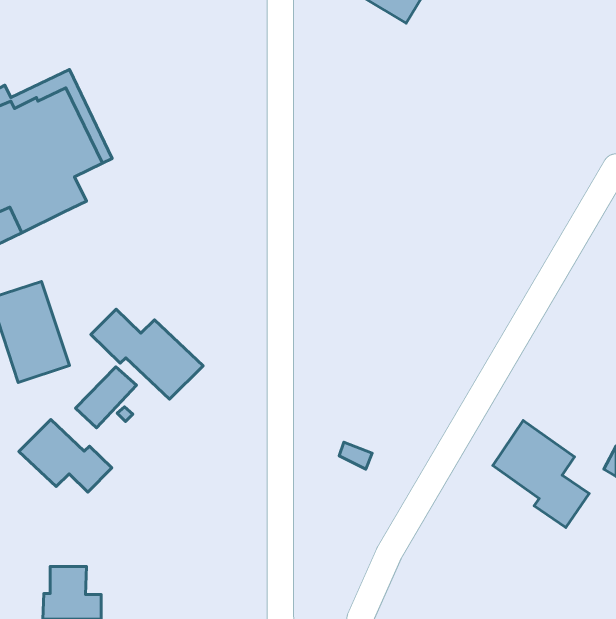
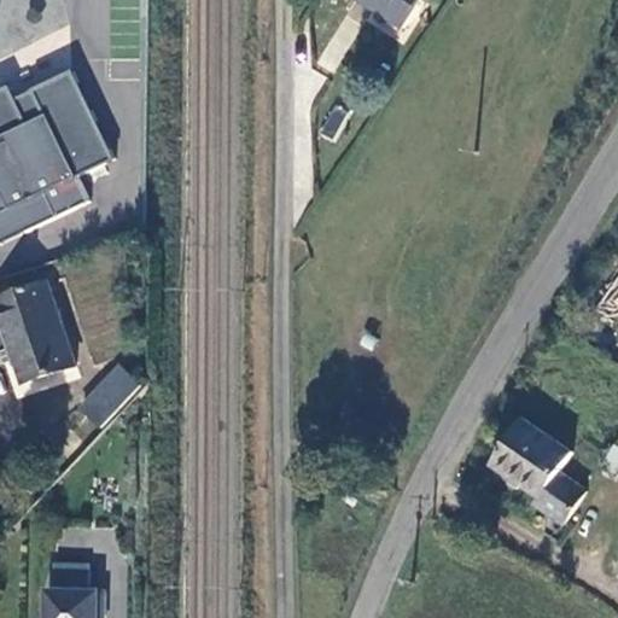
building: [91,309,203,399] -> none
building: [19,420,112,492] -> none

